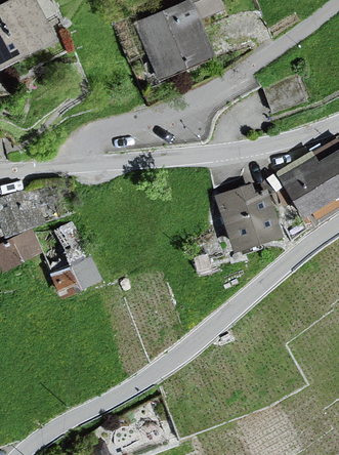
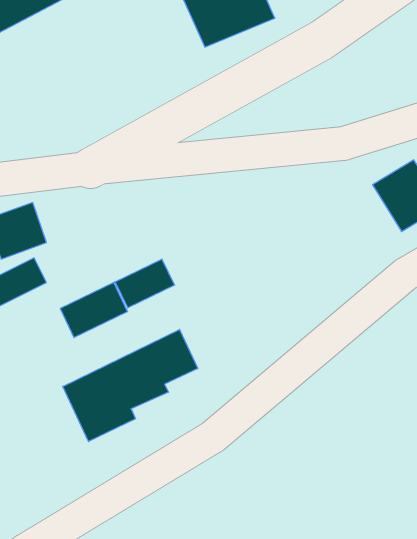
building: [218,185,279,249] -> none
building: none -> [115,259,175,308]
building: none -> [63,329,198,442]

